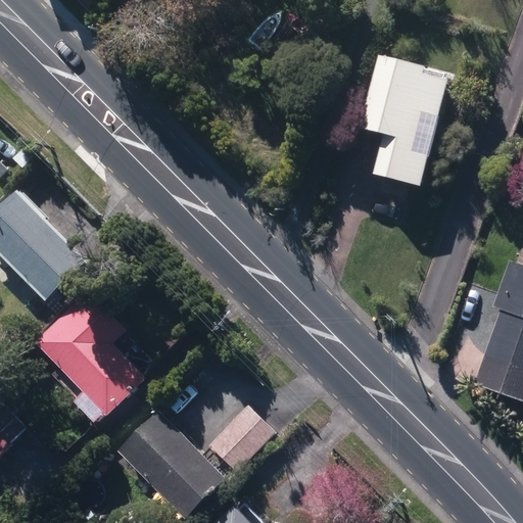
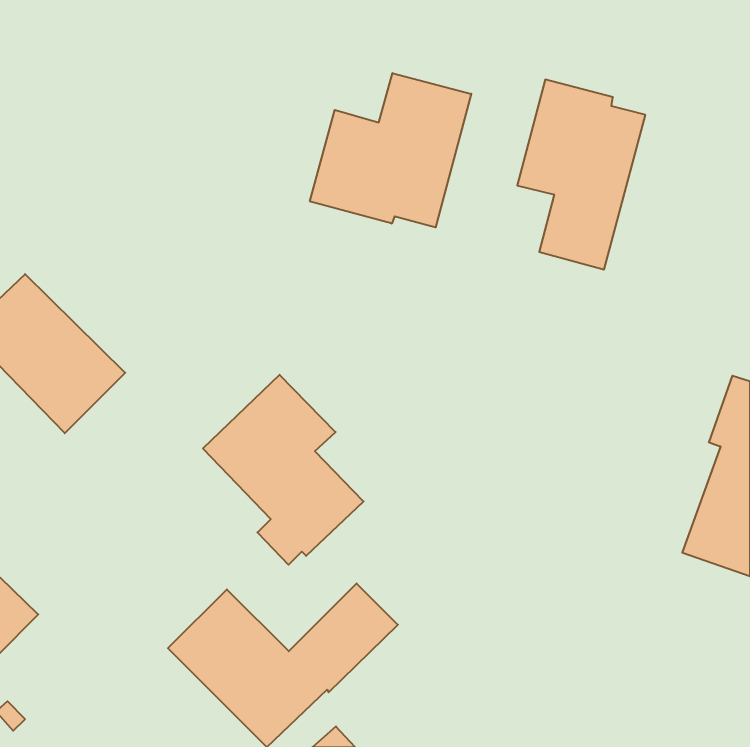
building: none -> [310,73,471,227]
building: [35,290,146,422] -> [203,375,364,565]

